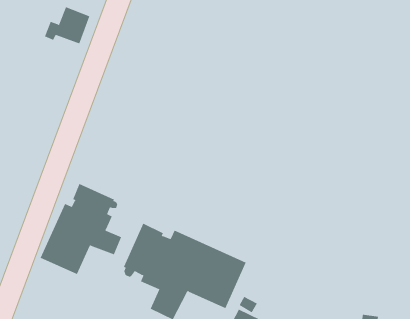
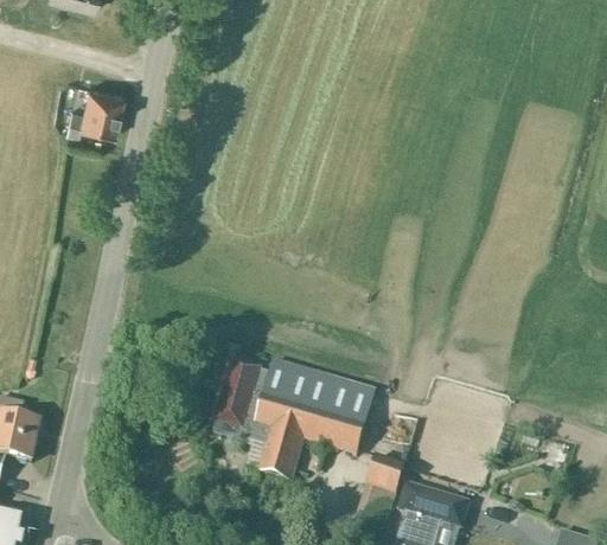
building: [40,183,122,275] -> none

